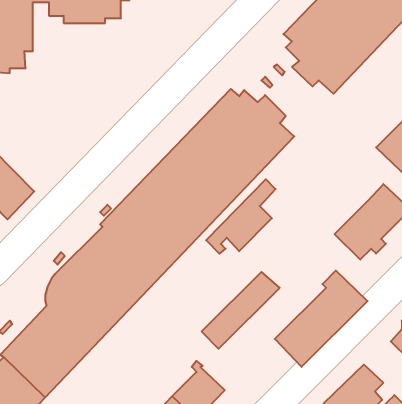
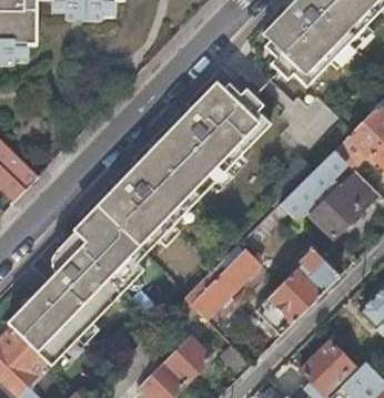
building: [206,179,276,254] -> [280,149,343,216]

